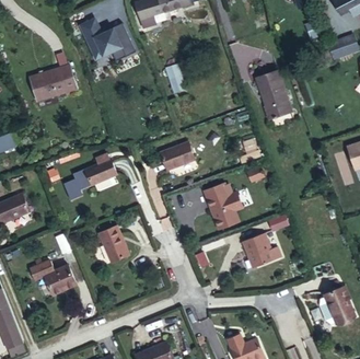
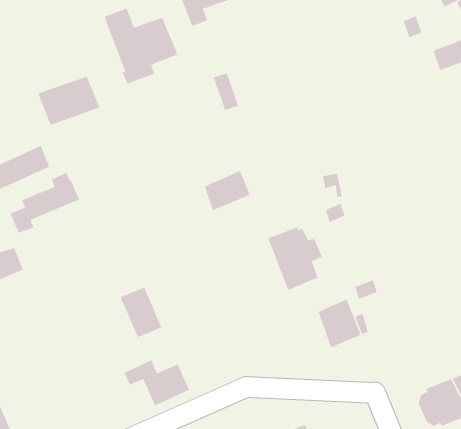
building: [256,70,290,121] -> none
building: [61,154,114,200] -> [9,172,80,234]
building: [24,262,73,297] -> [124,359,190,406]

